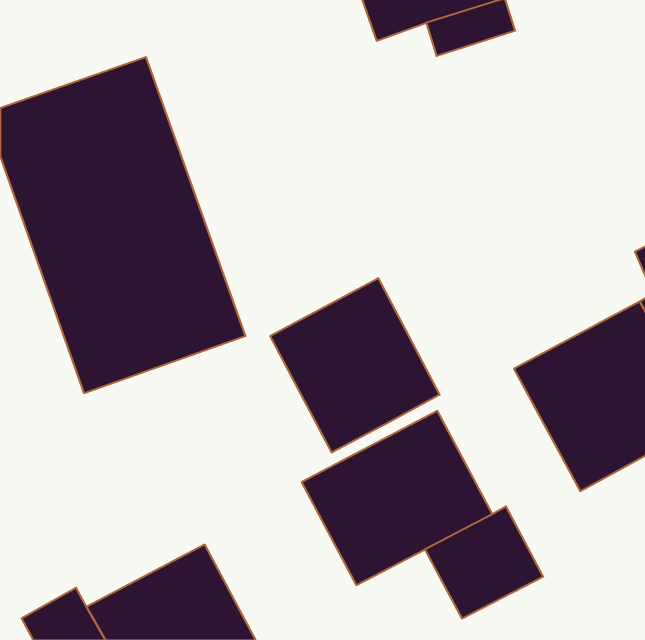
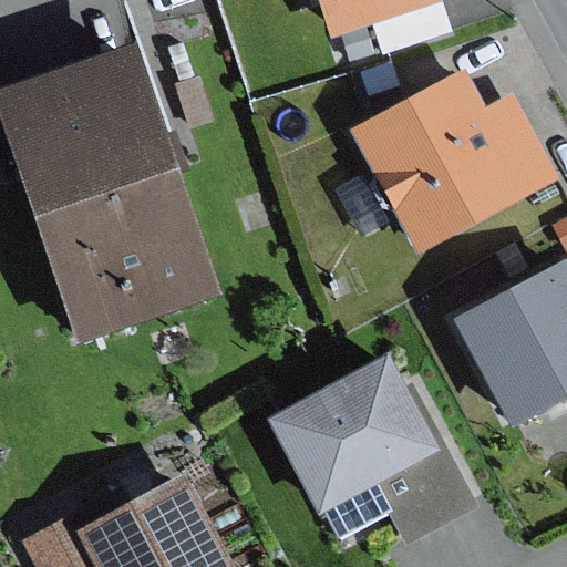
building: none -> [348,65,561,256]
building: [270,278,440,453] -> none

